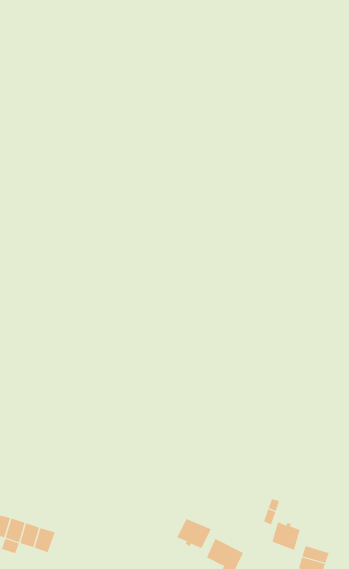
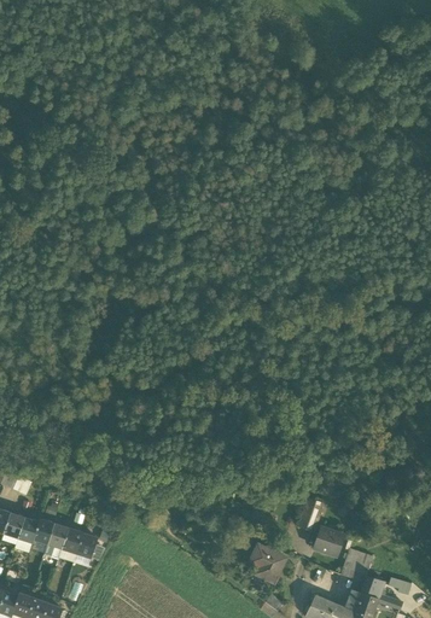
building: [176,518,211,549] -> none

